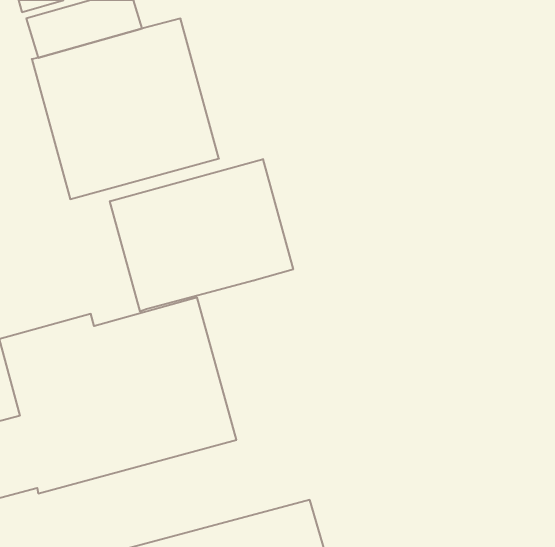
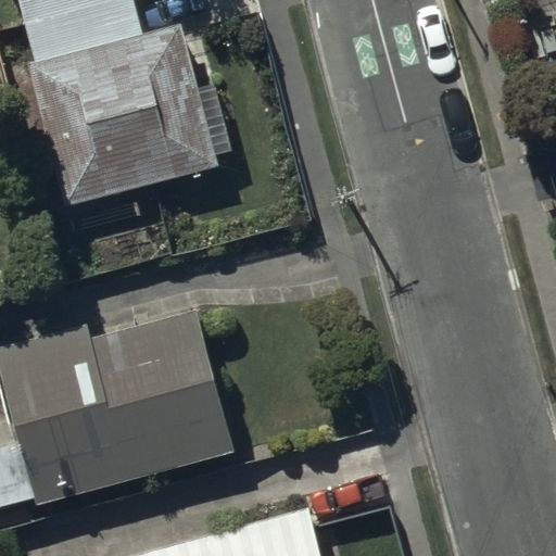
building: [110,159,293,311] -> none

